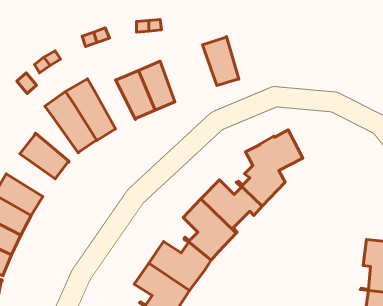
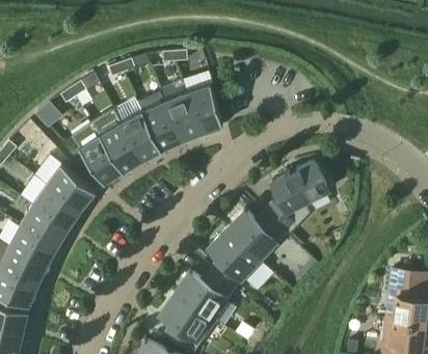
building: [202,37,239,86] -> [186,83,222,132]
building: none -> [121,110,161,159]
building: none -> [32,184,81,226]

